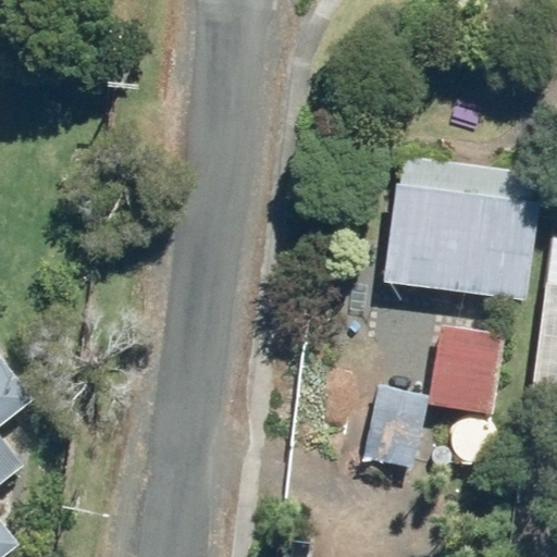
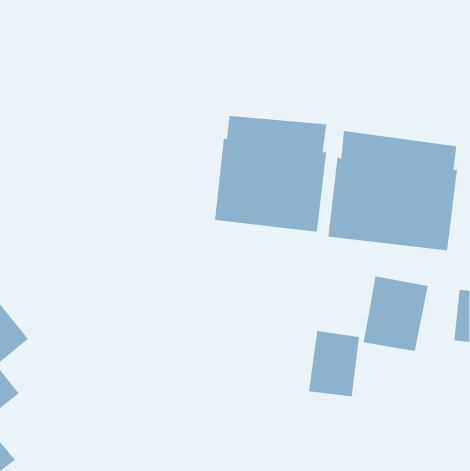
building: none -> [215,115,327,232]

